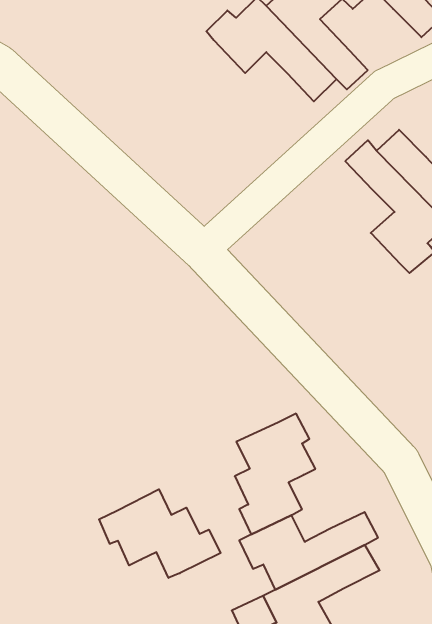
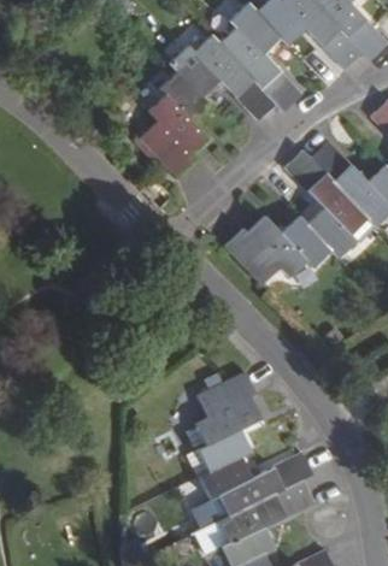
building: none -> [140,70,211,176]
building: none -> [222,217,328,284]
building: [99,489,221,578] -> none

